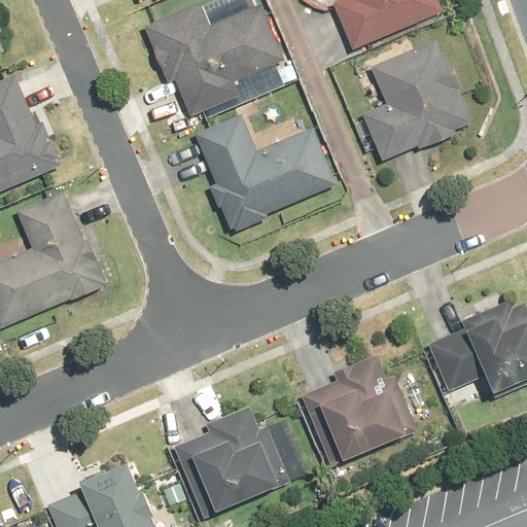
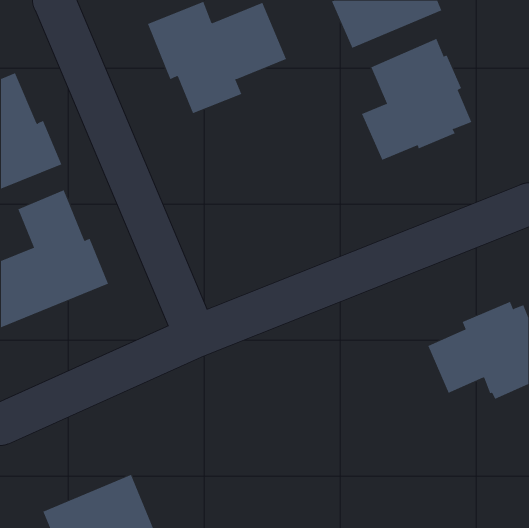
building: [197,113,337,231] -> none
building: [298,355,415,467] -> none
building: [174,416,289,521] -> none

